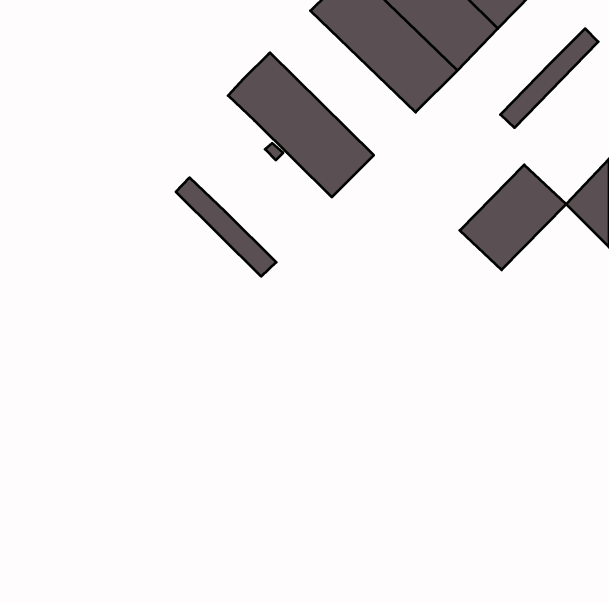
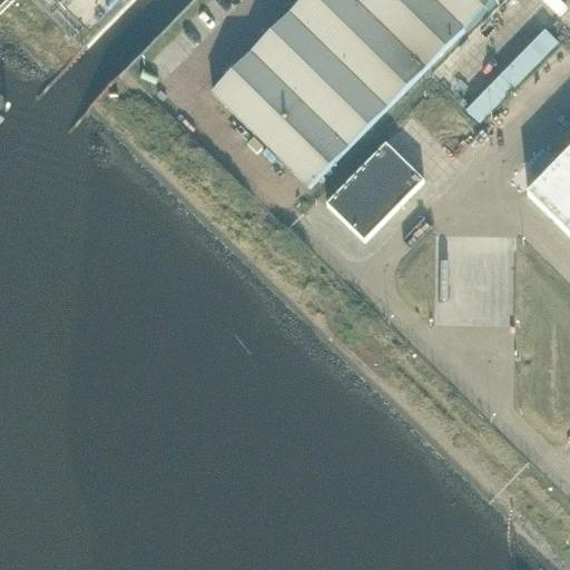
building: none -> [252,10,387,145]
building: [460,165,566,270] -> [326,140,425,238]
building: [176,178,276,276] -> none

